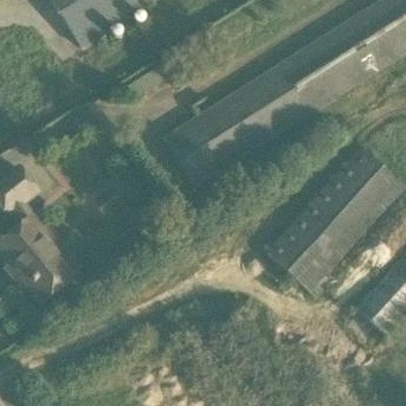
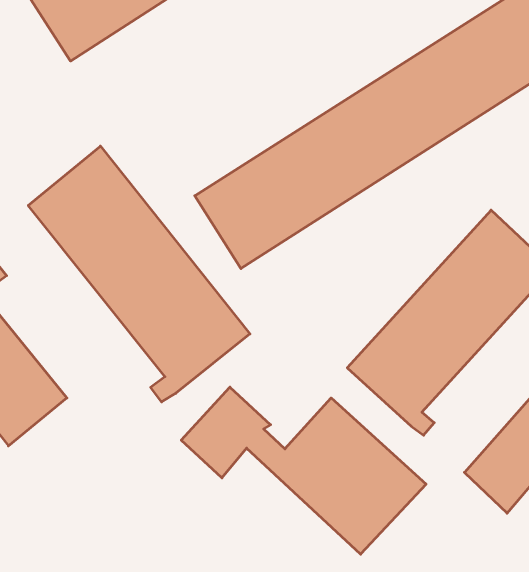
building: none -> [28,146,250,402]
building: none -> [181,387,426,554]

